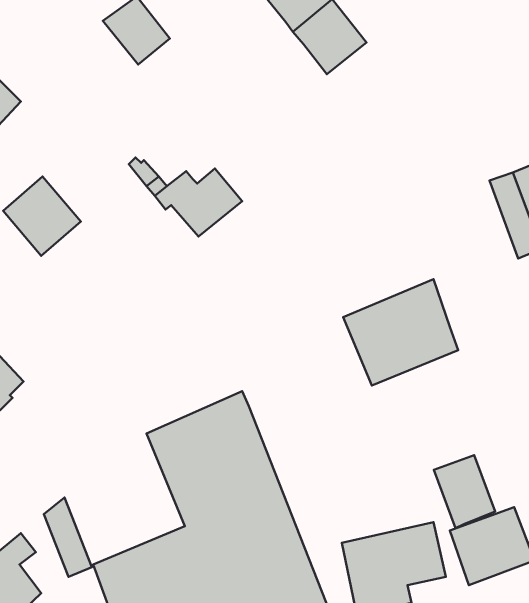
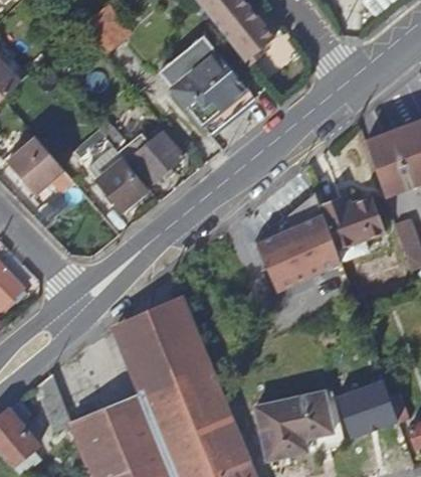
building: none -> [147,20,254,134]
building: none -> [86,148,147,211]
building: none -> [320,196,384,249]
building: [434,455,495,528] -> none

